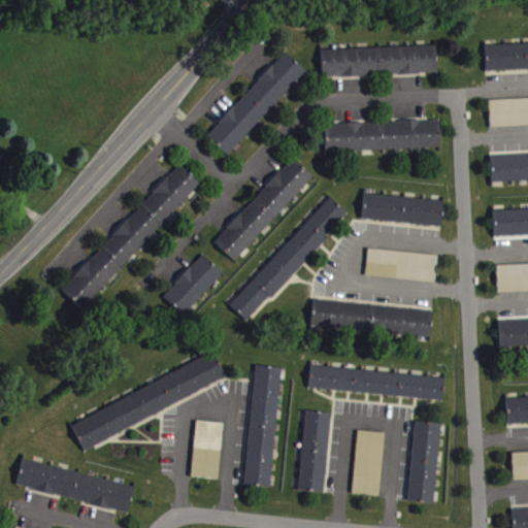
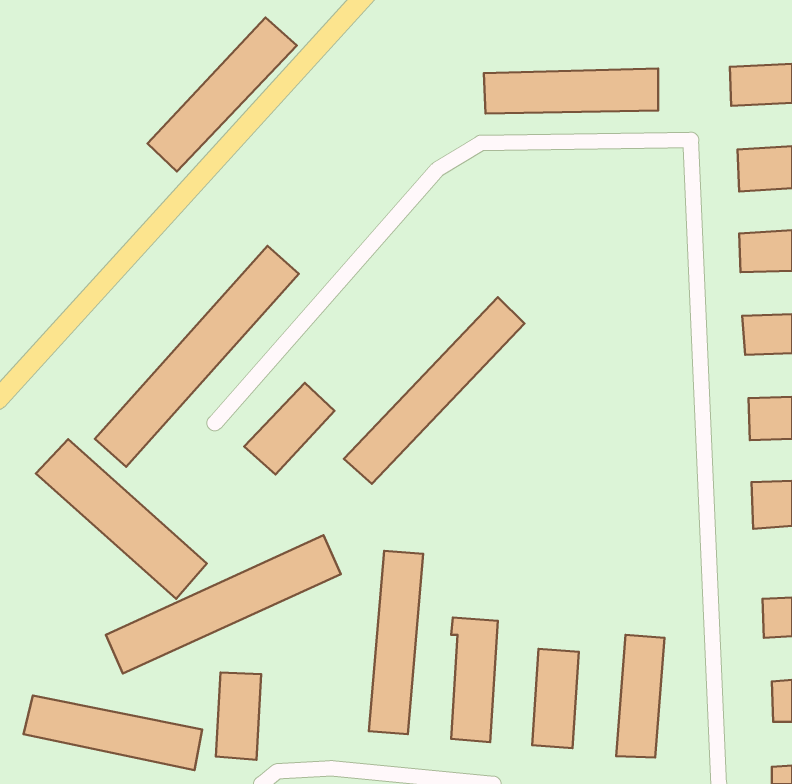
building: [206,52,305,154] -> [147,17,297,171]
building: [324,120,440,152] -> none
building: [213,157,311,261] -> none
building: [361,193,443,227] -> none
building: [365,249,437,280] -> none
building: none -> [36,439,207,599]
building: [310,300,432,336] -> none
building: [308,366,443,398] -> none
building: [192,421,222,478] -> [216,673,261,760]

